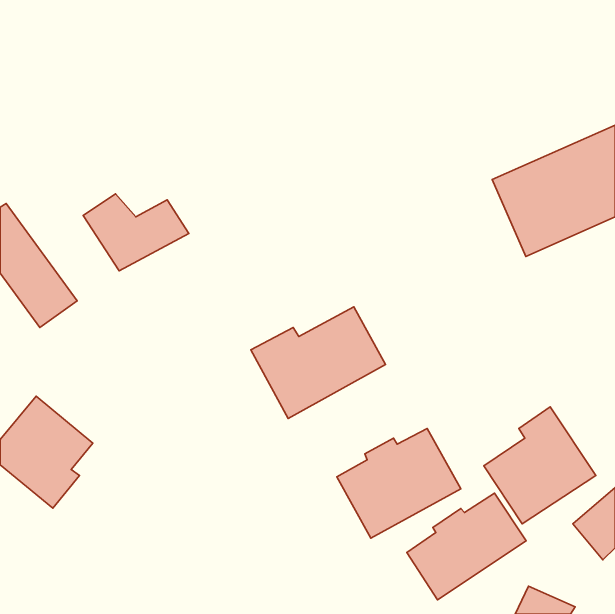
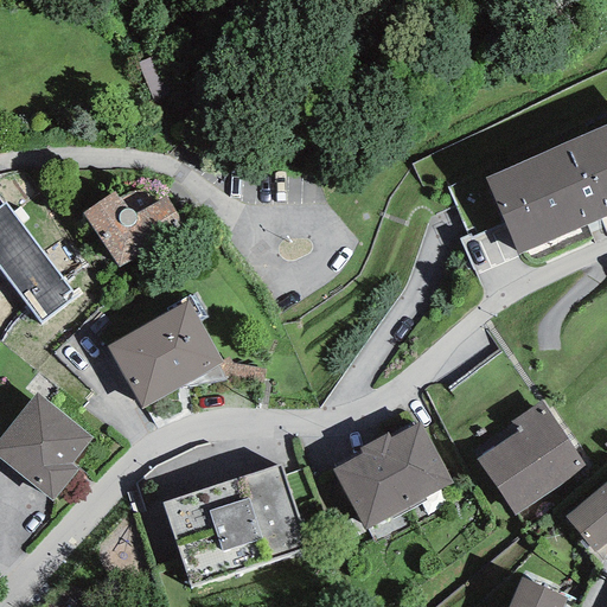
building: none -> [106,300,221,408]
building: [251,307,385,419] -> none
building: none -> [161,461,309,587]
building: [407,493,526,600] -> none

